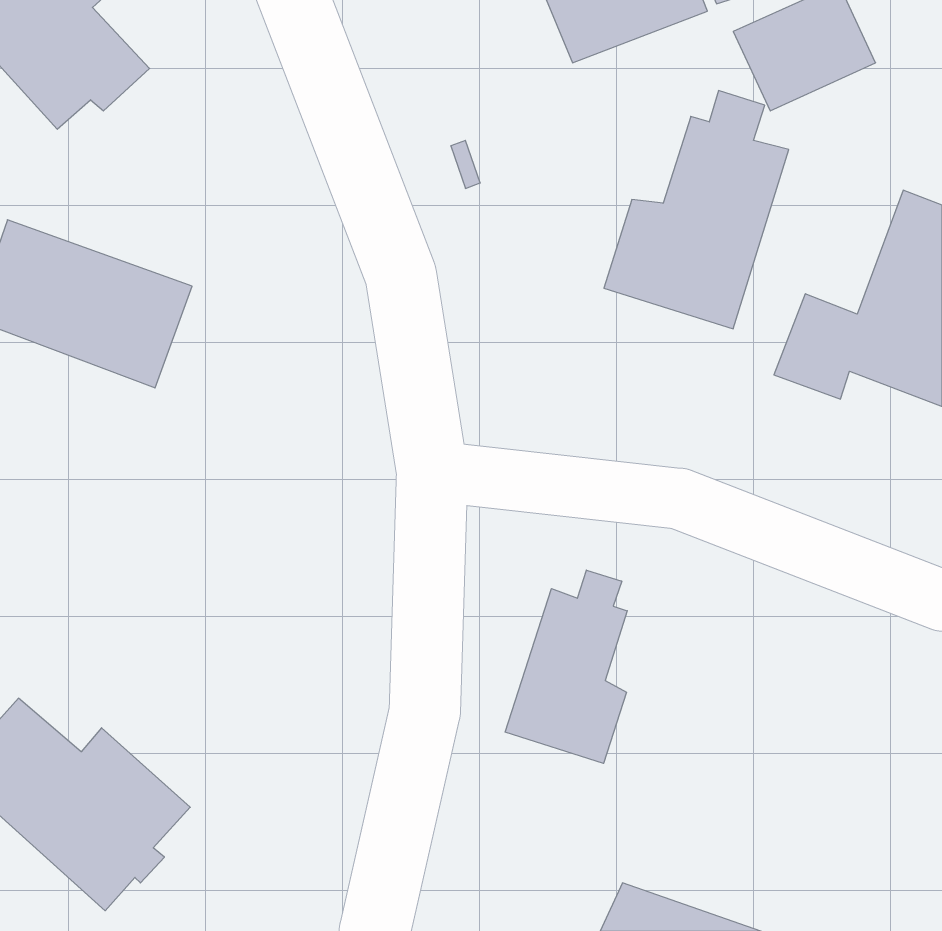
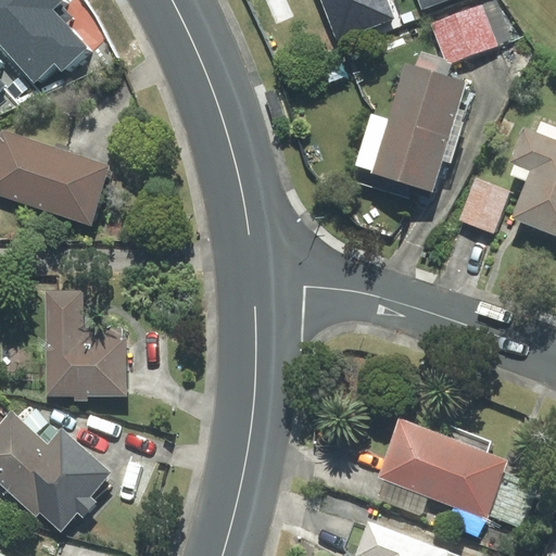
building: none -> [46,293,127,401]
building: [505,570,627,763] -> none
building: none -> [375,416,539,525]

